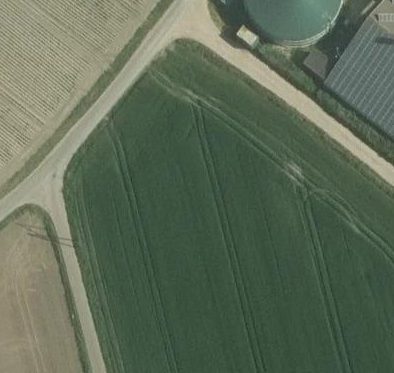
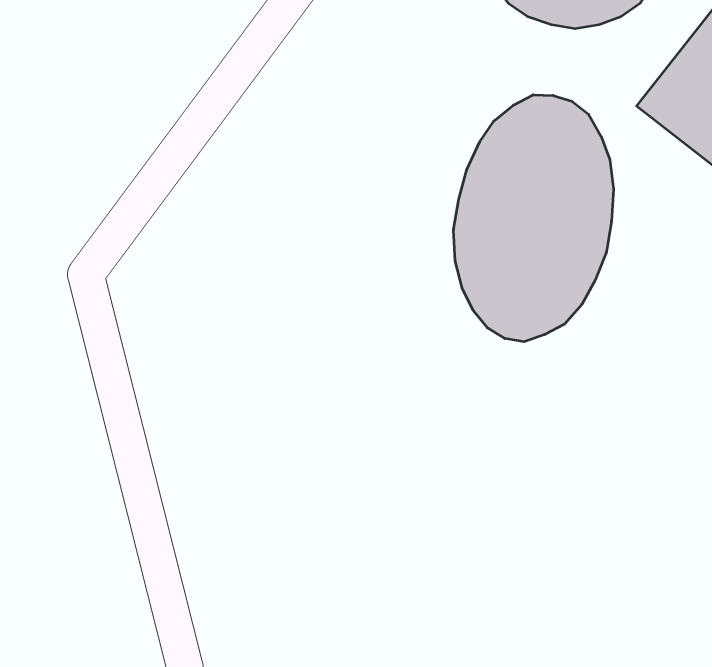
building: none -> [454,95,614,342]

